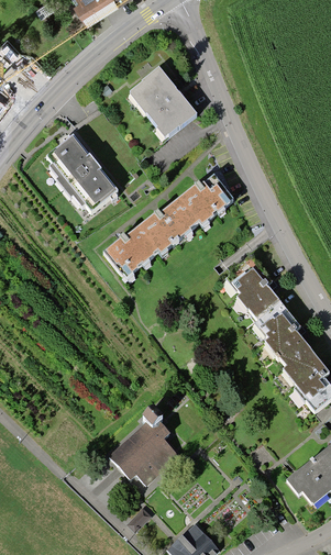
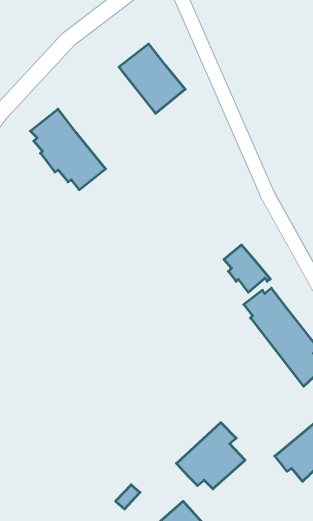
building: [106,178,232,277] -> none
building: [110,419,178,485] -> [176,423,245,489]

